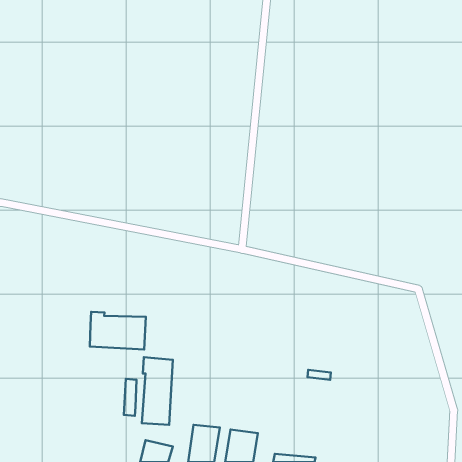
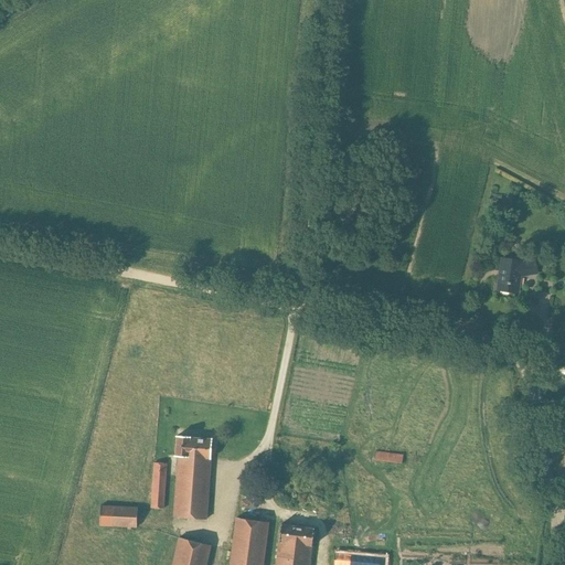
building: none -> [498,259,537,292]
building: [90,312,146,350] -> none
building: none -> [99,505,136,529]

